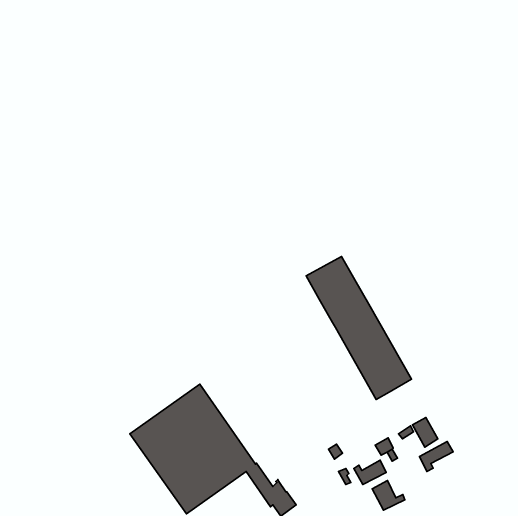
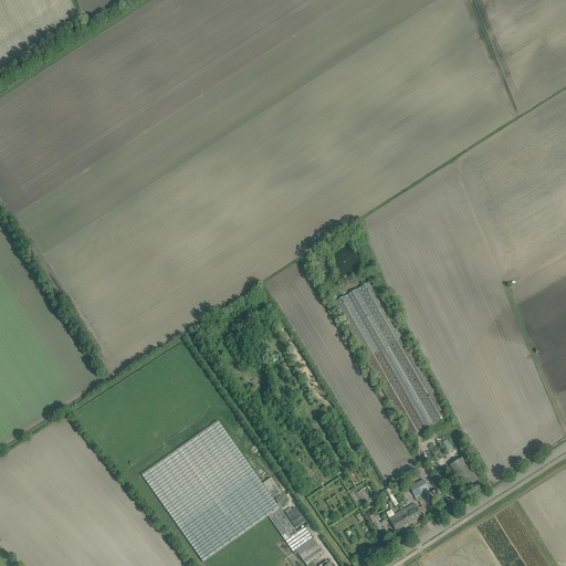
building: [419,441,453,471] -> none
building: [372,480,405,510] -> none

